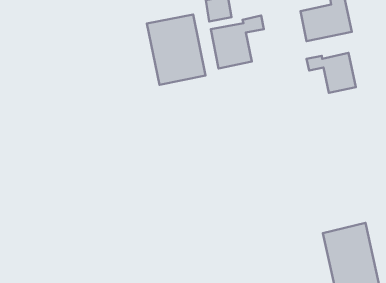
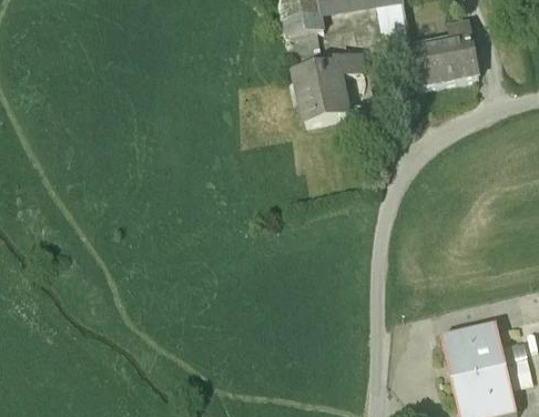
building: [147,15,206,85] -> none
building: [306,53,356,93] -> none

